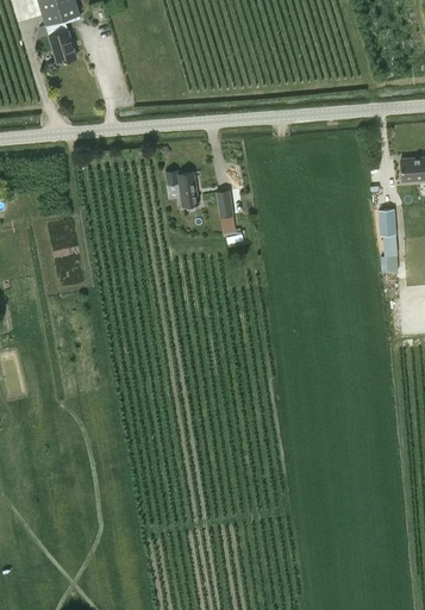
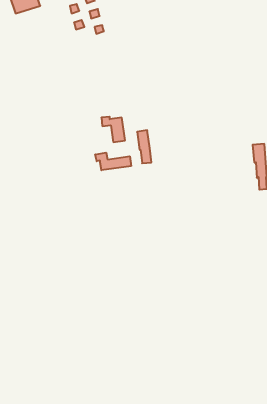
building: [50,30,76,63] -> none
building: none -> [95,153,131,170]

